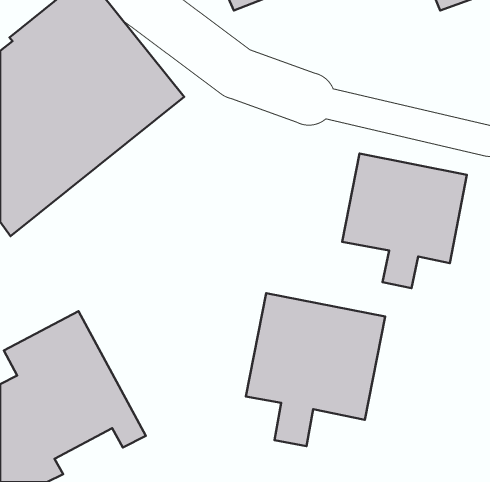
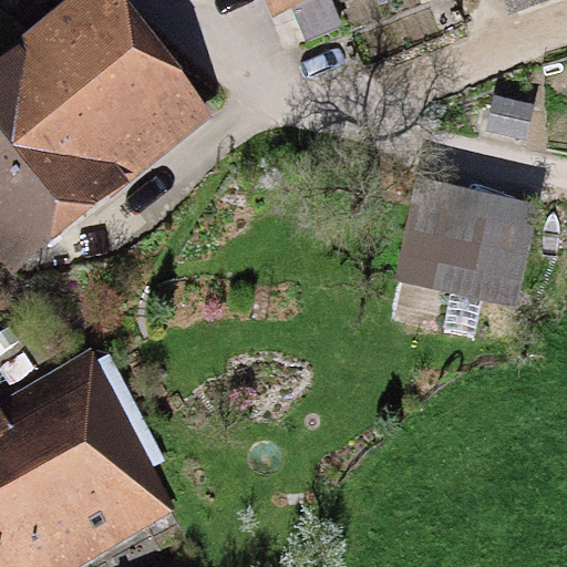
building: [246,293,385,446] -> none

